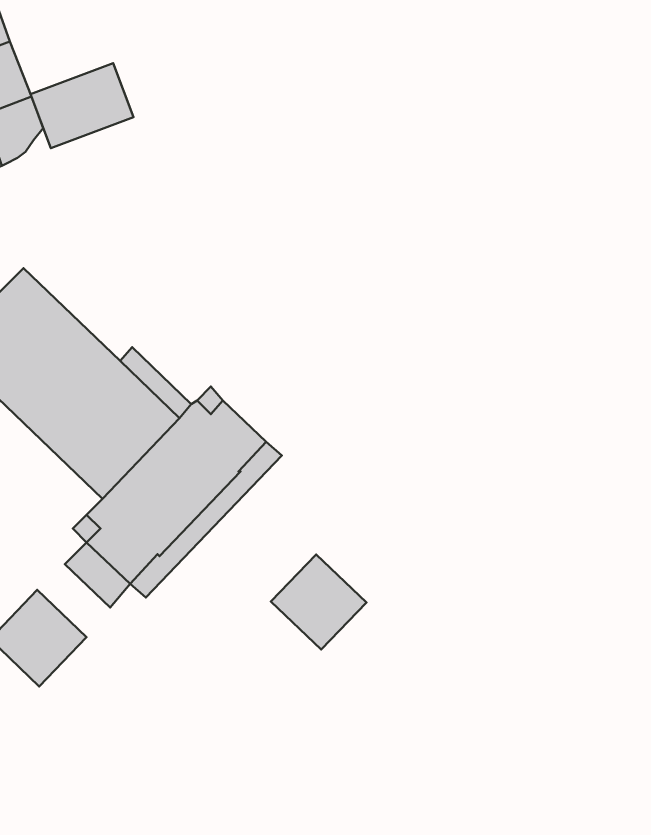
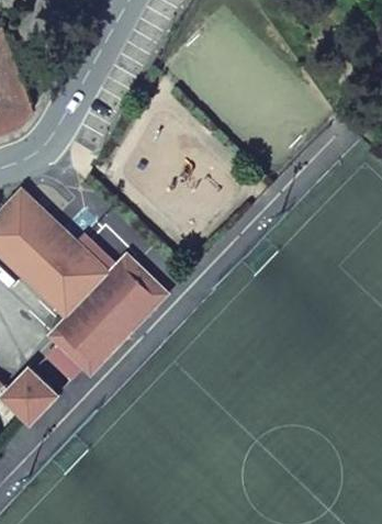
building: [31,63,134,148] -> none
building: [271,554,366,650] -> none

